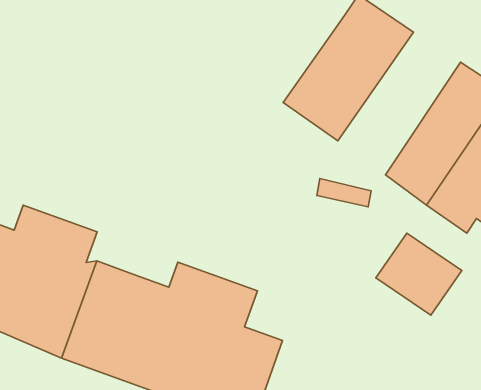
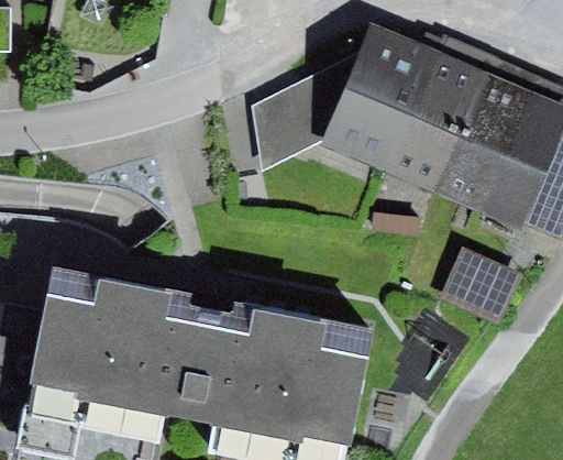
building: none -> [253,47,369,168]
building: none -> [384,52,487,191]

